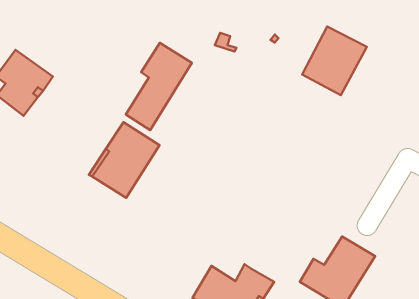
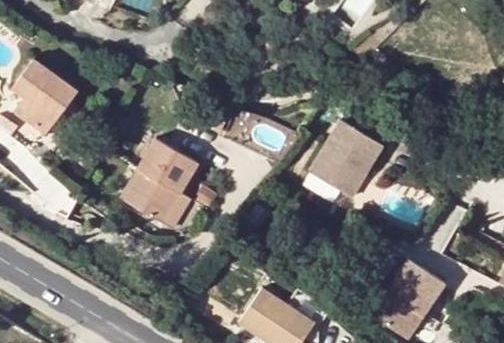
building: [302,26,367,95] -> [300,130,372,207]
building: [126,43,192,130] -> none

